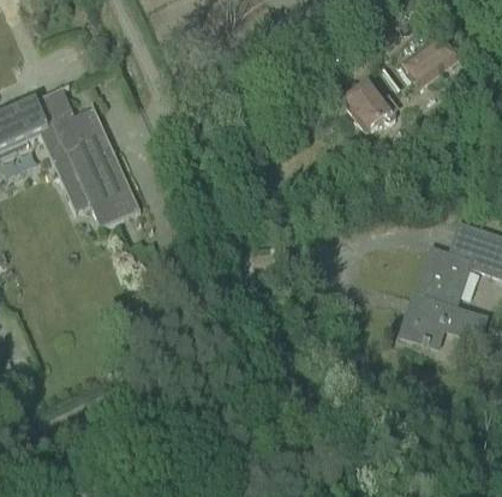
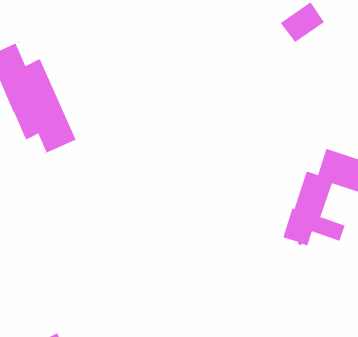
building: [343,82,396,130] -> none

